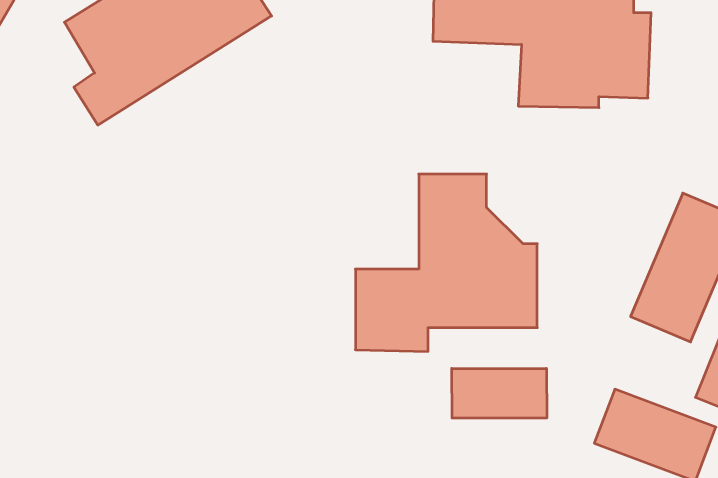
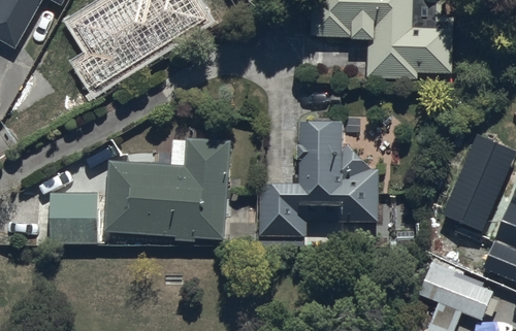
building: none -> [103,137,231,239]
building: none -> [49,193,96,243]
building: [452,368,547,418] -> none

